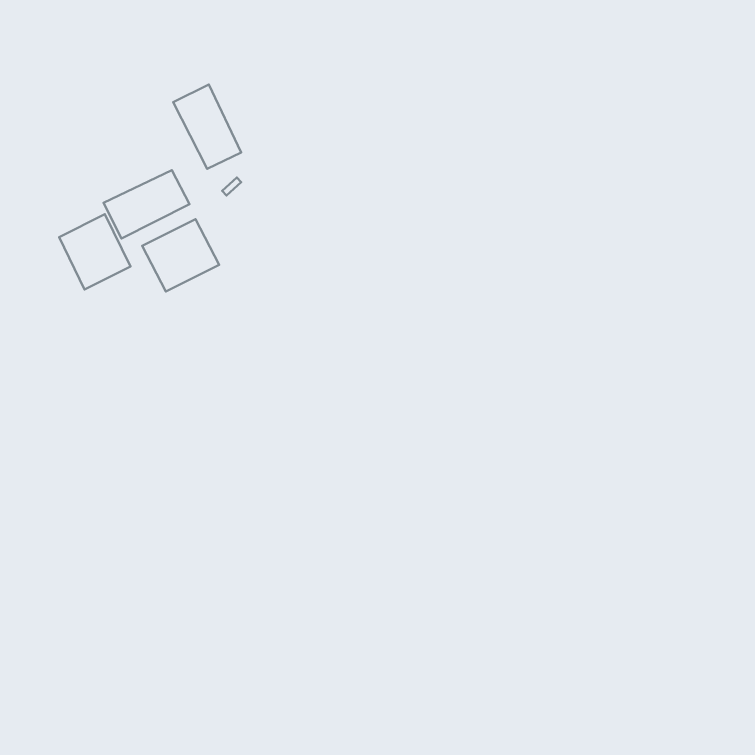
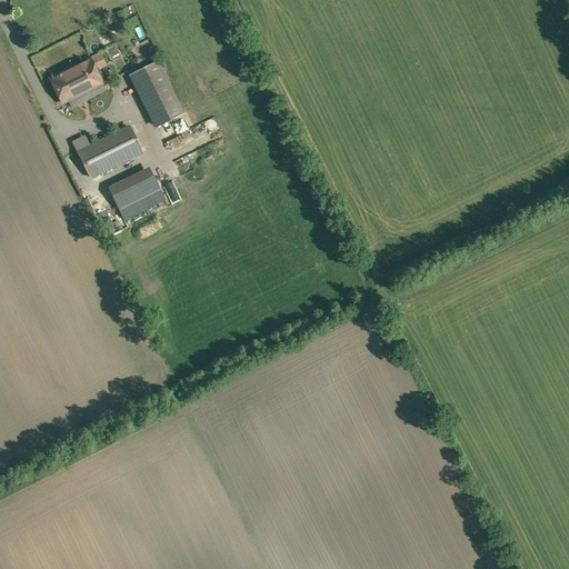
building: none -> [49,59,100,102]
building: [59,214,130,289] -> none

